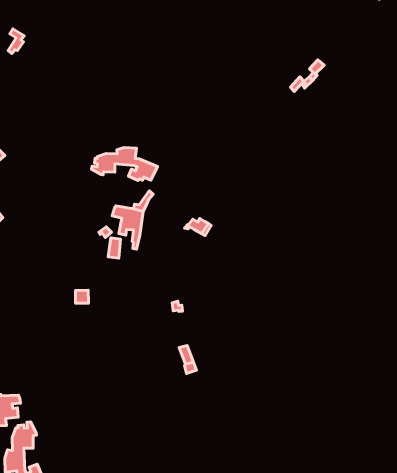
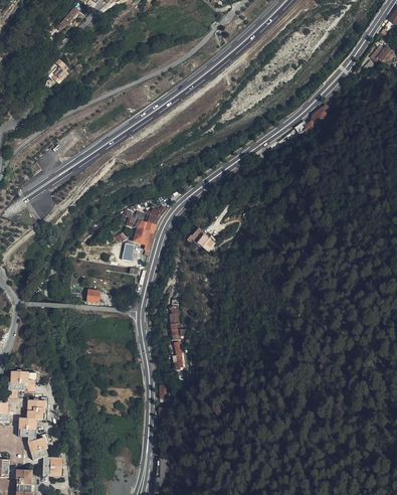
building: [92,148,158,181] -> none

